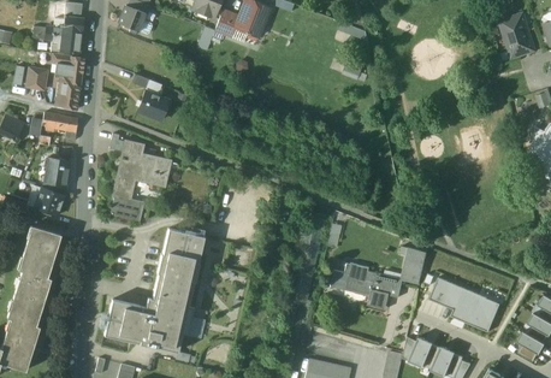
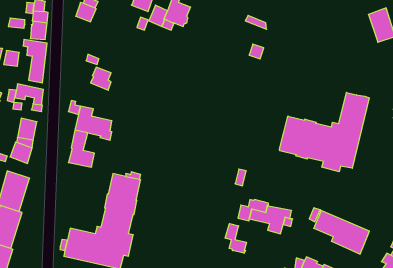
building: none -> [279,92,369,172]
building: [402,248,426,283] -> none
building: none -> [225,224,246,253]

